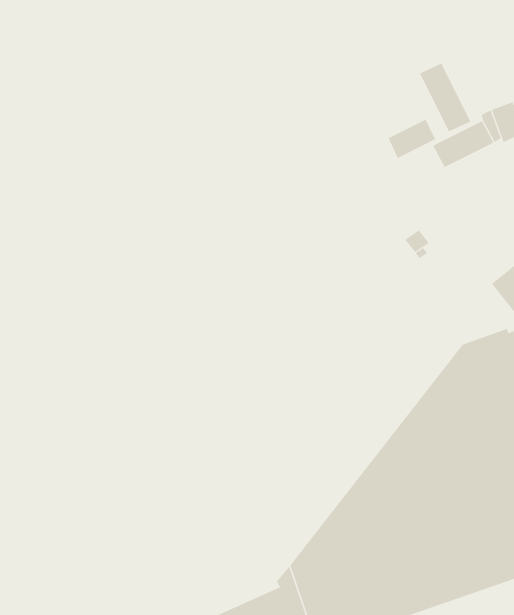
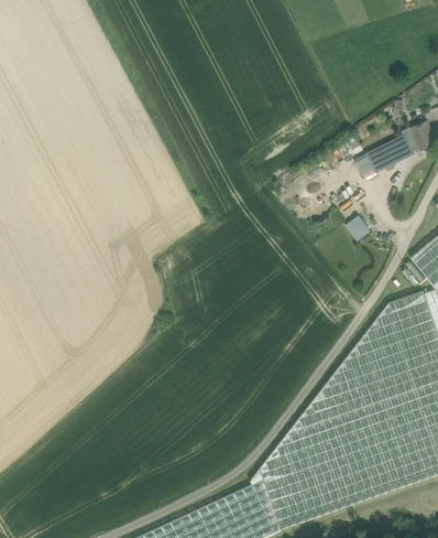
building: [419,63,471,132] -> none
building: [388,119,436,159] -> none

